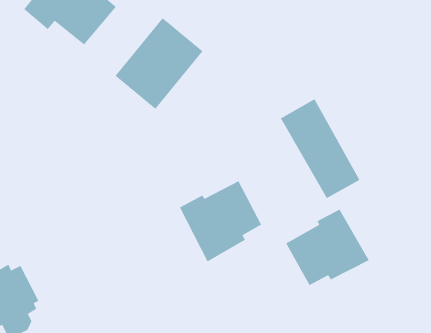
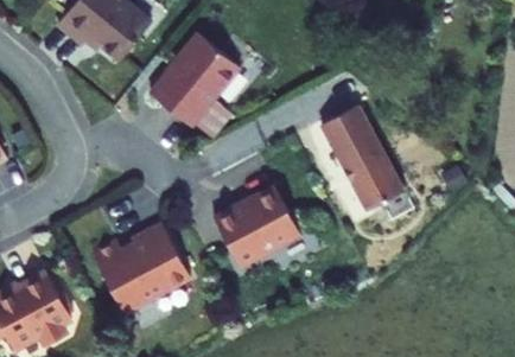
building: [285,208,370,286] -> none
building: none -> [94,231,191,318]

